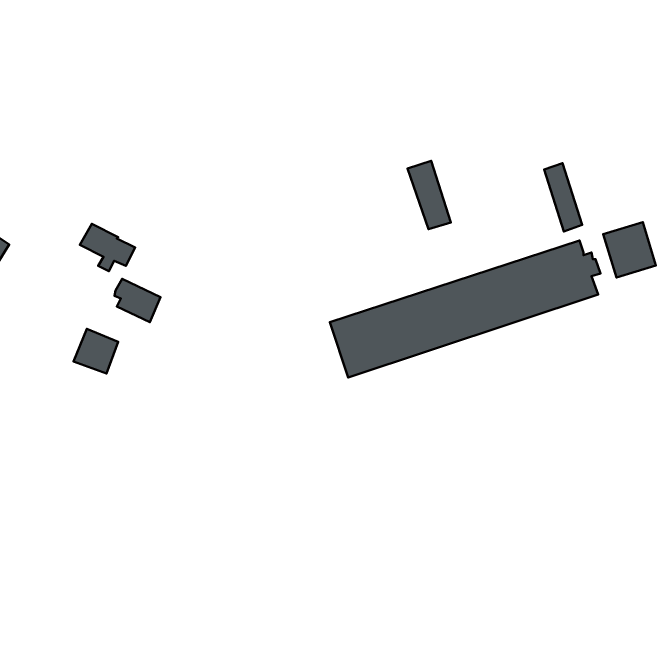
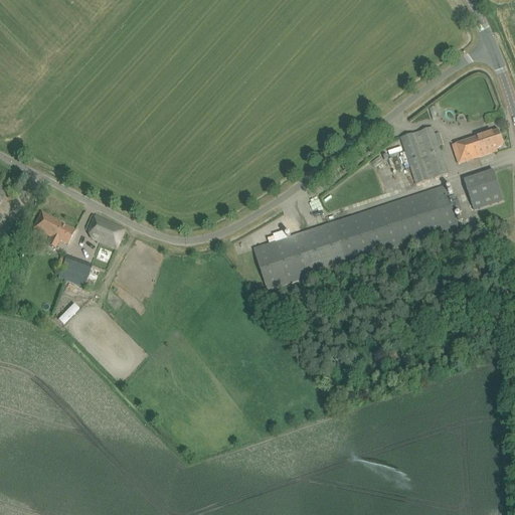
building: [408,161,451,229] -> [398,130,432,182]
building: none -> [451,128,502,162]
building: [80,224,135,271] -> [31,210,73,246]

